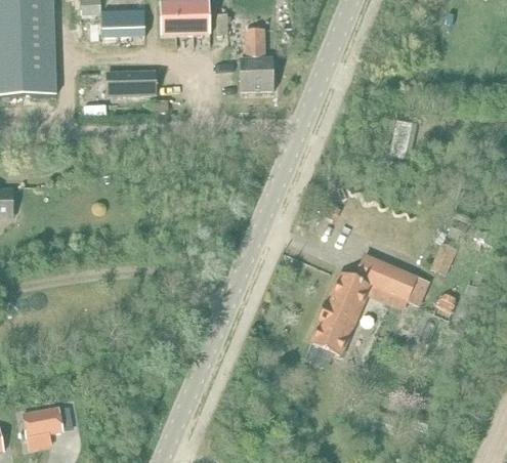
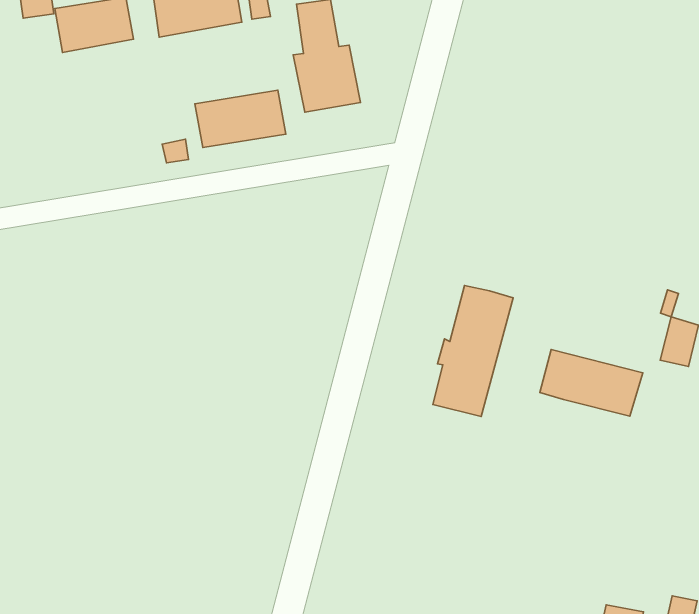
building: [107,70,158,97] -> [195,90,286,148]
building: [313,273,370,352] -> [433,286,513,417]

